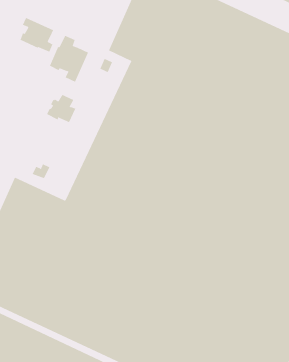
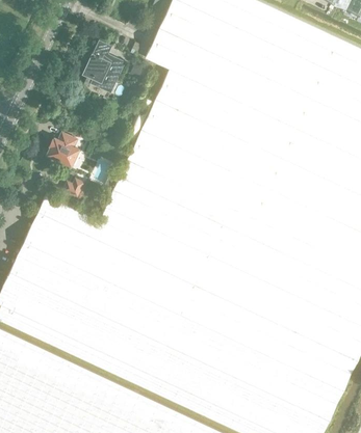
building: [20,17,54,52] -> none
building: [46,94,76,123] -> [46,134,78,165]

